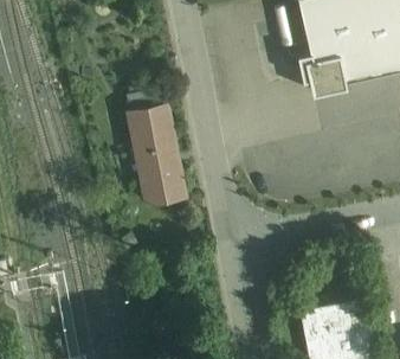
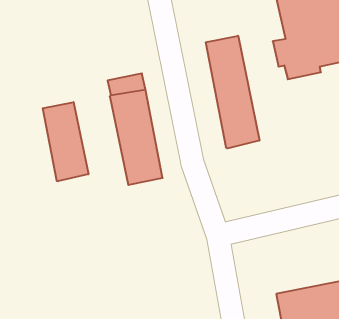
building: none -> [206,36,259,148]
building: none -> [43,102,88,181]

